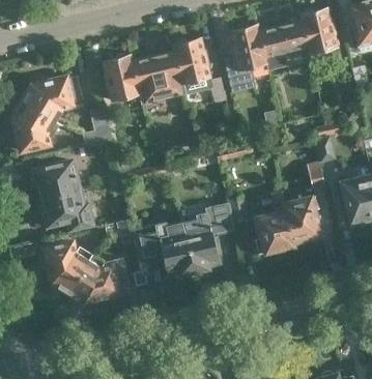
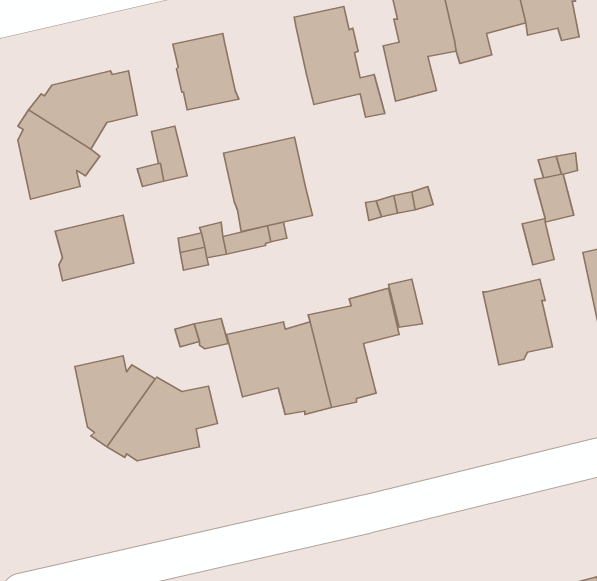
building: [133,49,184,104] -> [223,137,312,232]
building: [38,186,95,232] -> none
building: [255,192,292,254] -> none

